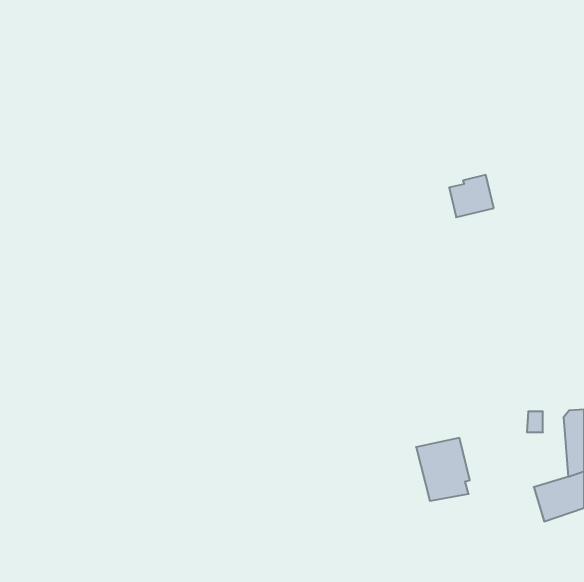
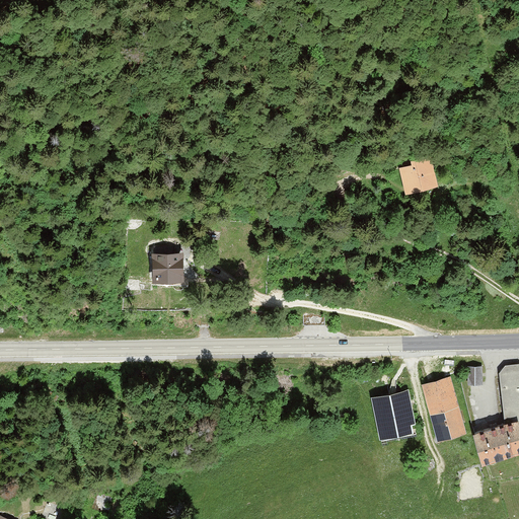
building: none -> [152,253,183,282]
building: none -> [423,377,466,442]

